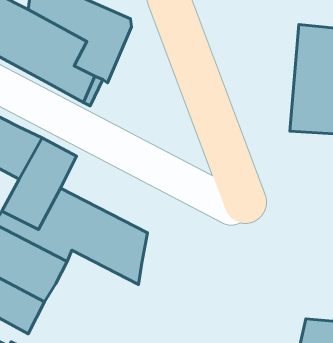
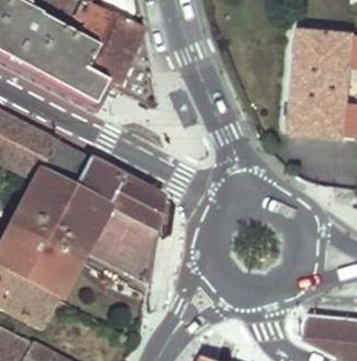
building: none -> [72,157,162,231]

